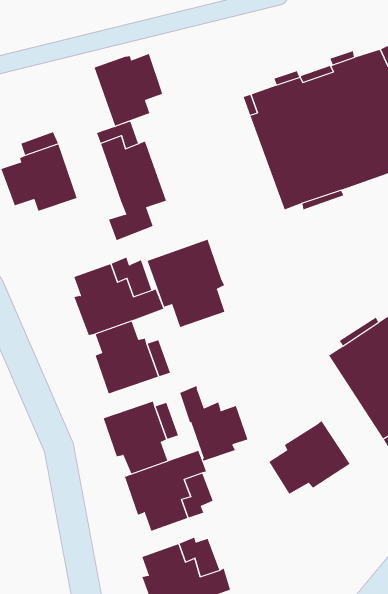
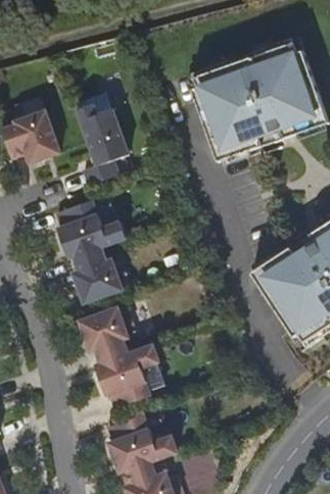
building: [94,53,163,127] -> none
building: [147,239,225,328] -> none
building: [179,385,248,461] -> none
building: [268,420,350,494] -> none

